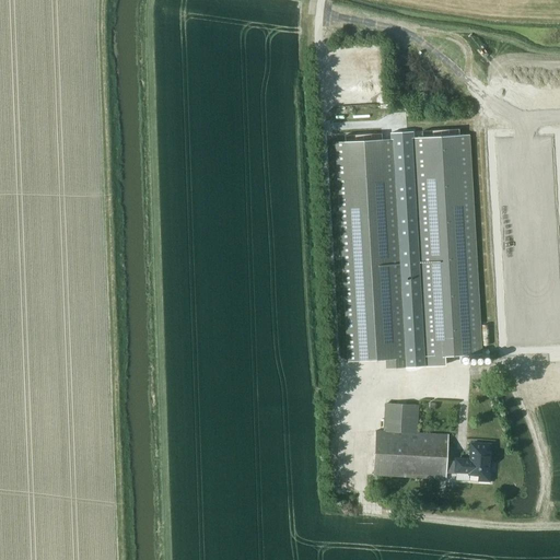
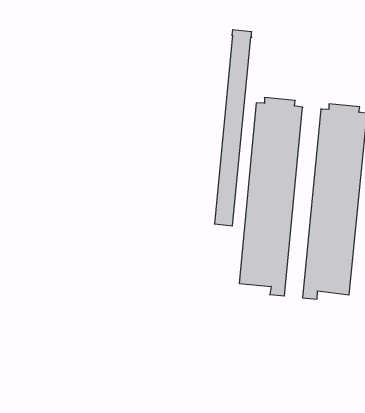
building: [396,131,432,366] -> [214,30,252,226]
building: [380,406,497,481] -> none

